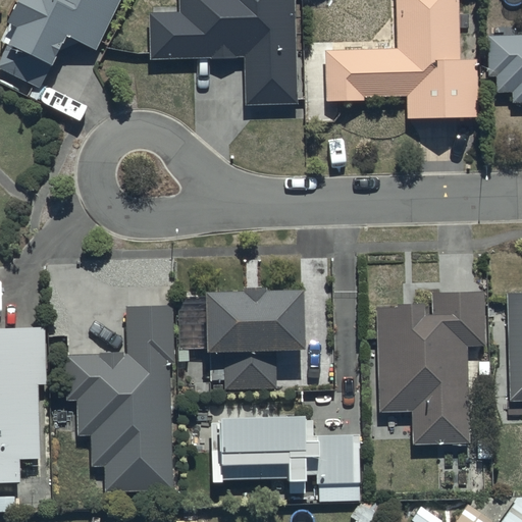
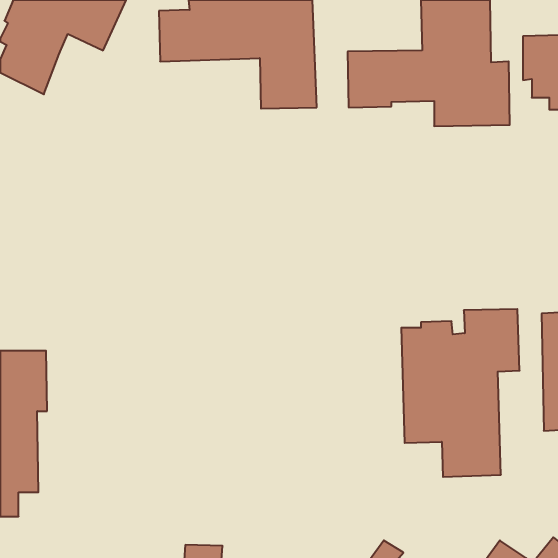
building: [204,284,303,389] -> none
building: [65,306,174,491] -> none
building: [210,413,361,503] -> none

